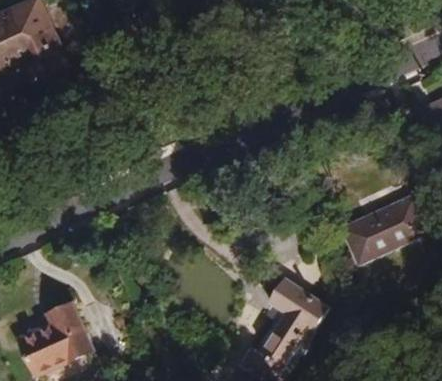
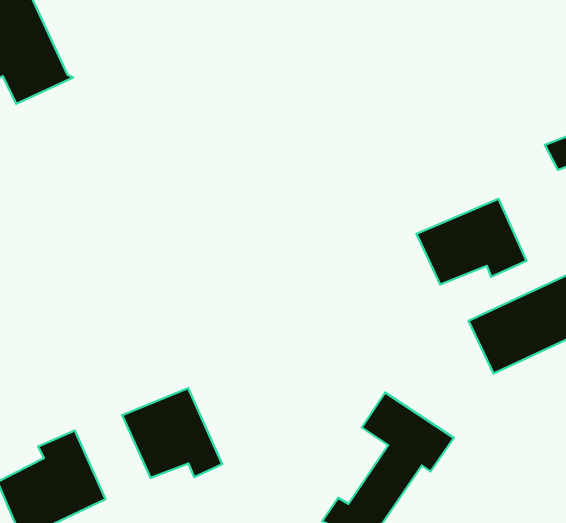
building: none -> [417,199,526,285]
building: none -> [122,388,222,478]

